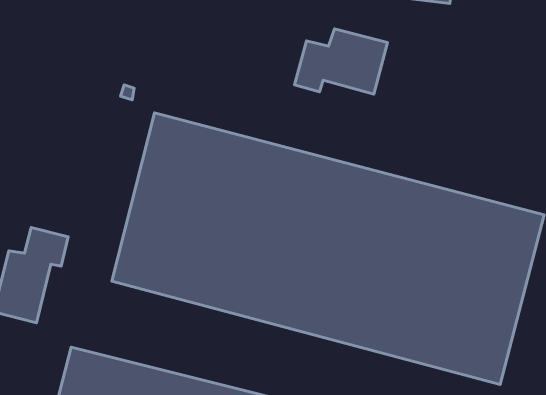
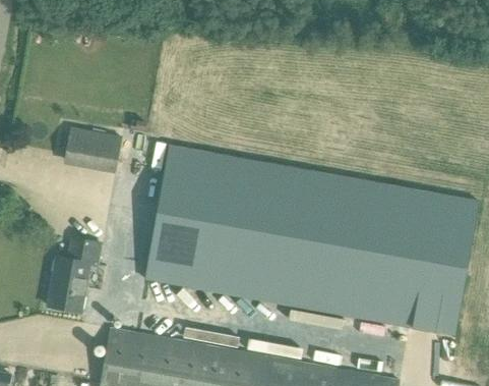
building: [294,29,388,94] -> none
building: none -> [67,132,125,174]

